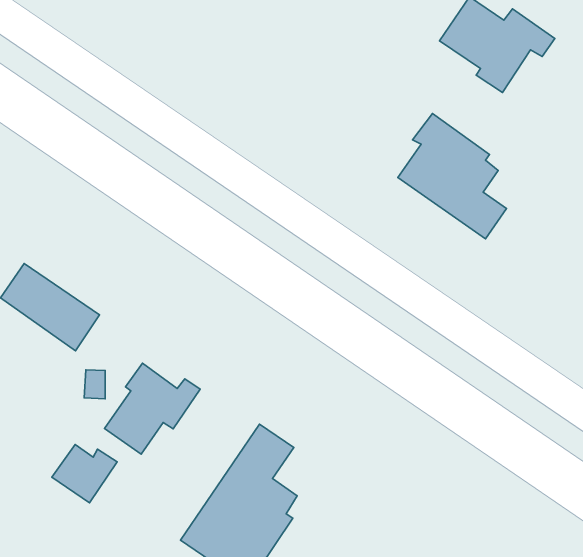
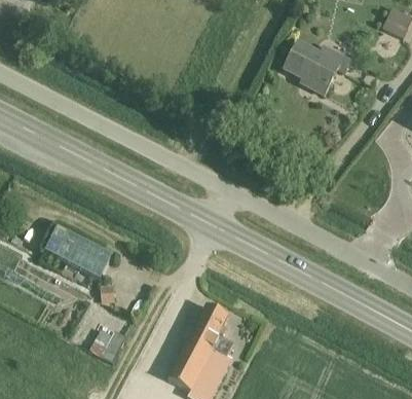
building: [398,114,507,239] -> none
building: [104,363,200,454] -> none

